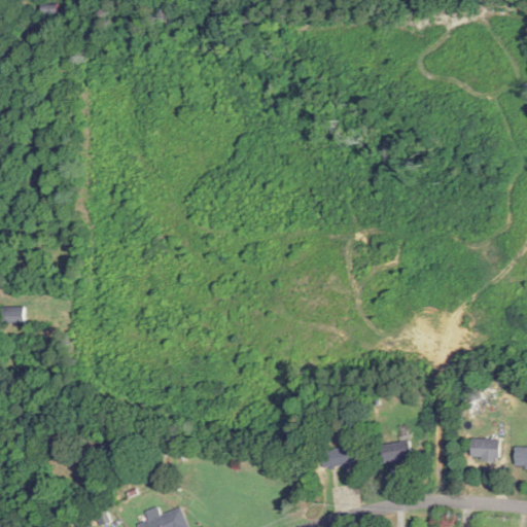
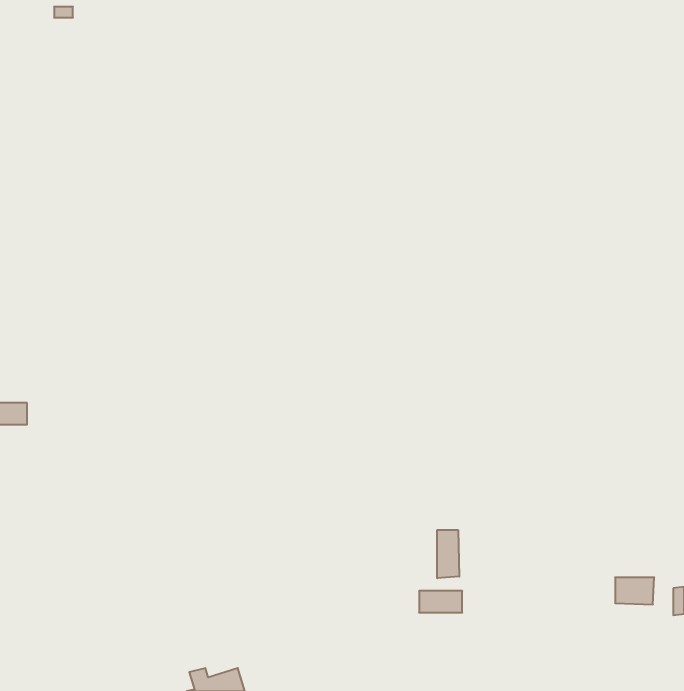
building: none -> [437,530,459,578]
building: [380,442,410,464] -> none

